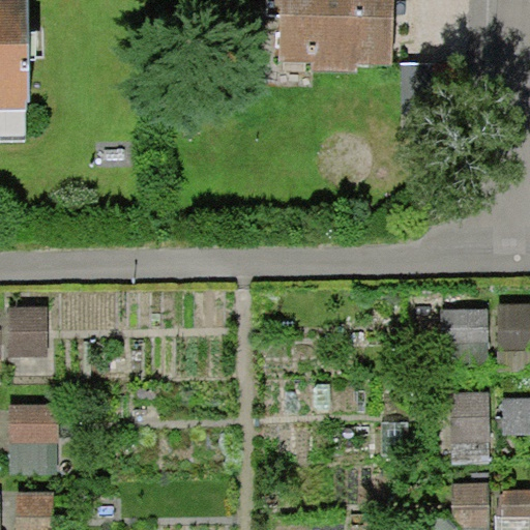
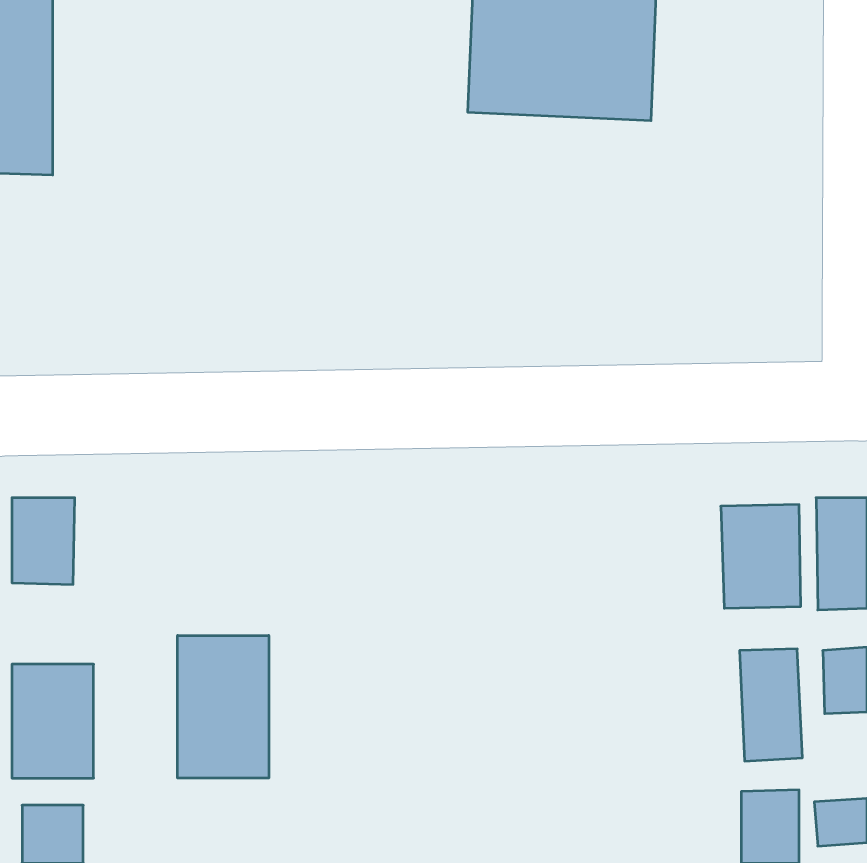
building: none -> [178,635,269,778]

